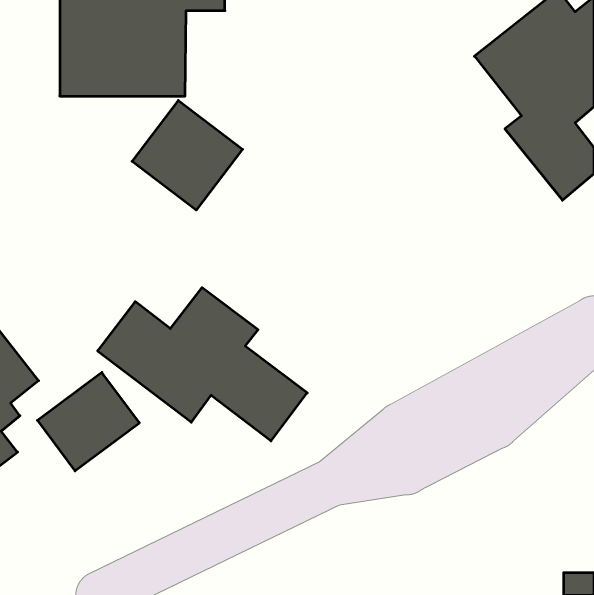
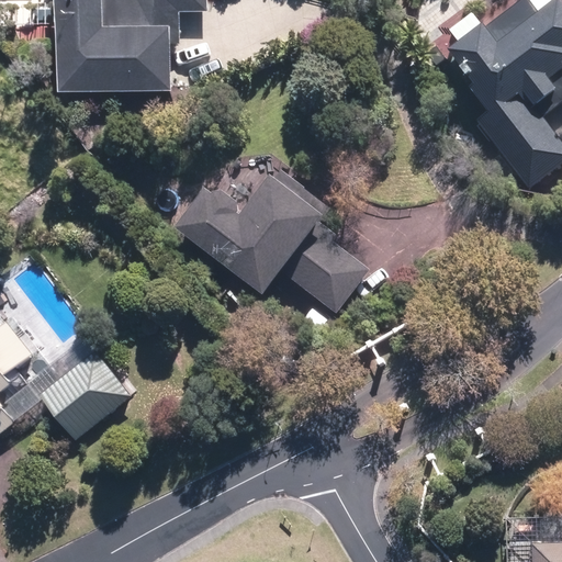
building: [132,100,243,210] -> none
building: [98,288,307,441] -> [175,168,371,312]

